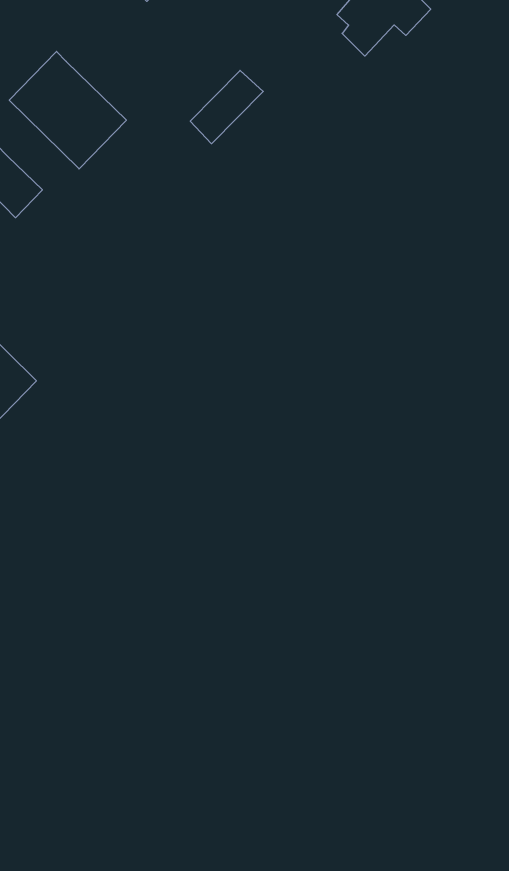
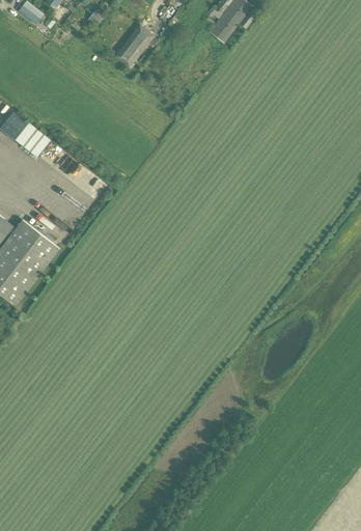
building: [9,51,126,169] -> none
building: [190,70,263,144] -> [114,24,154,67]

